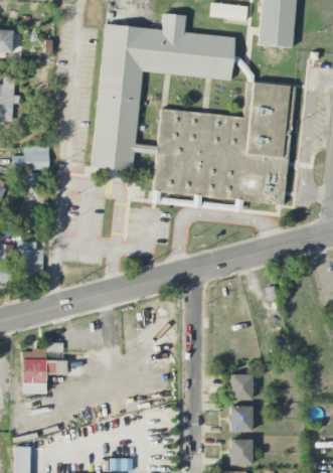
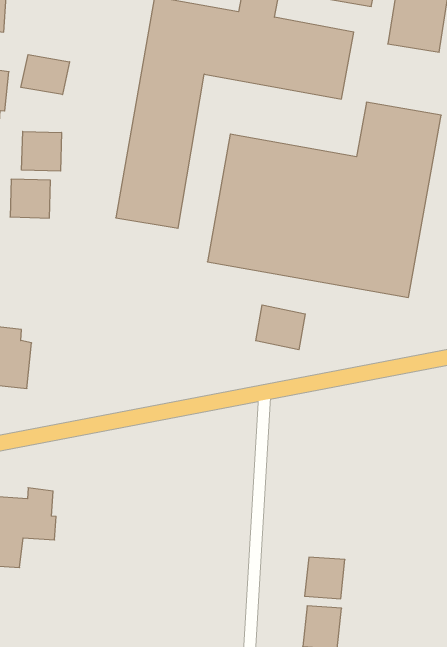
building: none -> [21,55,70,95]
building: none -> [22,131,61,171]
building: none -> [256,305,305,350]

